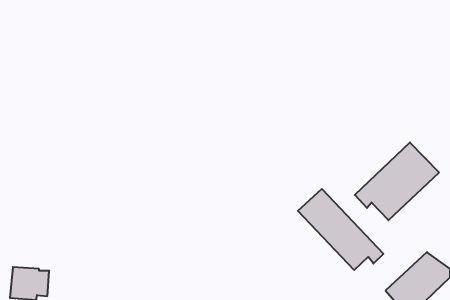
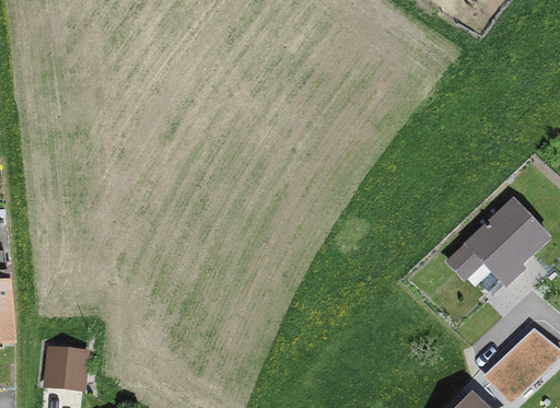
building: [298,189,383,270] -> none

